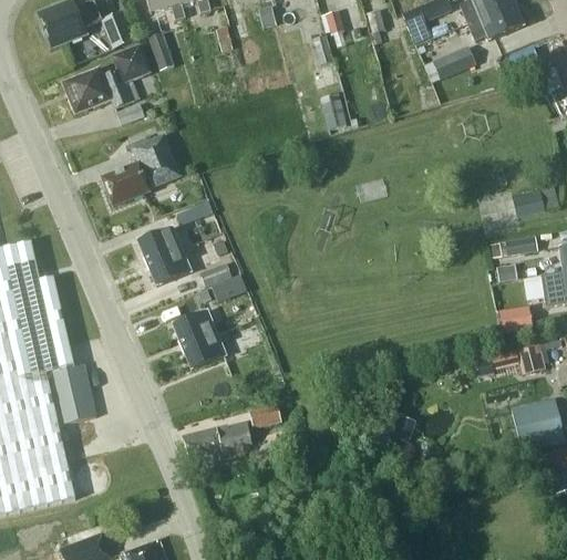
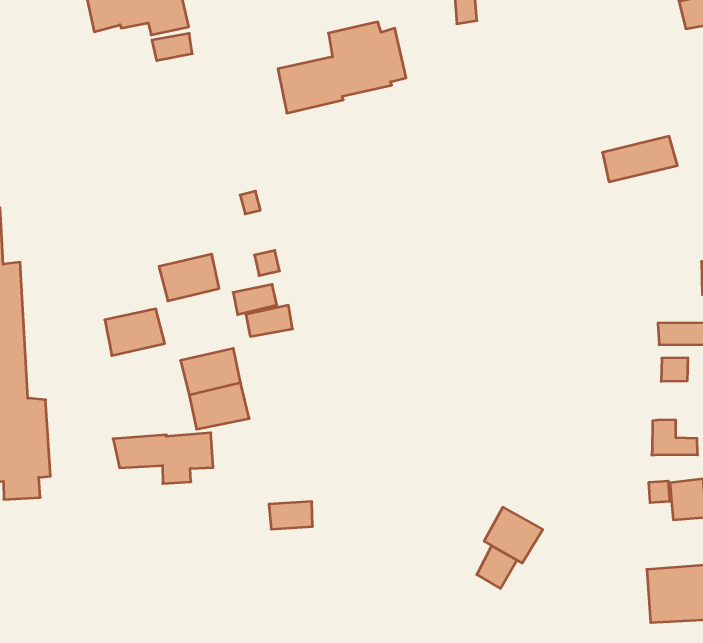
building: [423,44,475,82] -> [602,136,677,182]
building: [320,92,346,128] -> none
building: [101,133,188,205] -> [278,22,406,113]
building: [137,226,181,262] -> [105,309,165,356]
building: none -> [484,507,543,563]
building: [181,419,251,459] -> [113,433,213,484]

